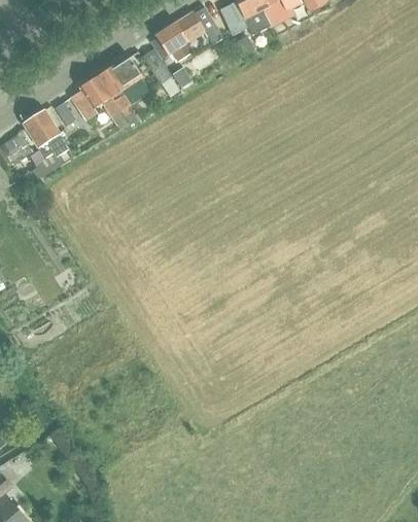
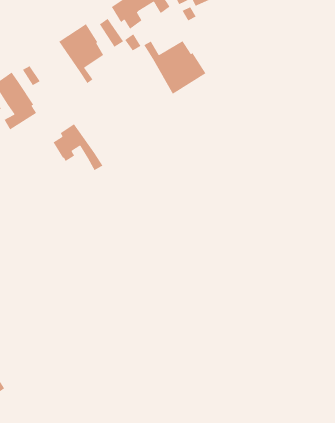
building: none -> [143,40,206,95]
building: [71,75,129,130] -> [53,123,103,171]

